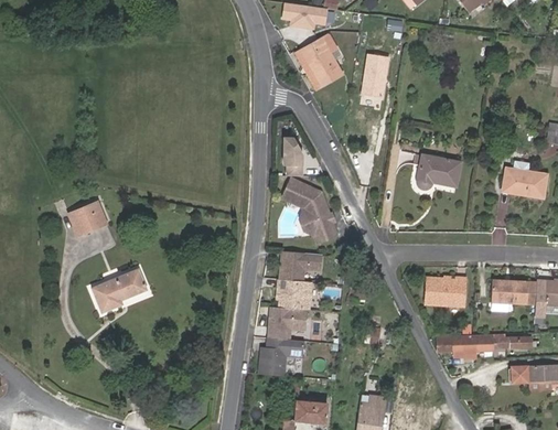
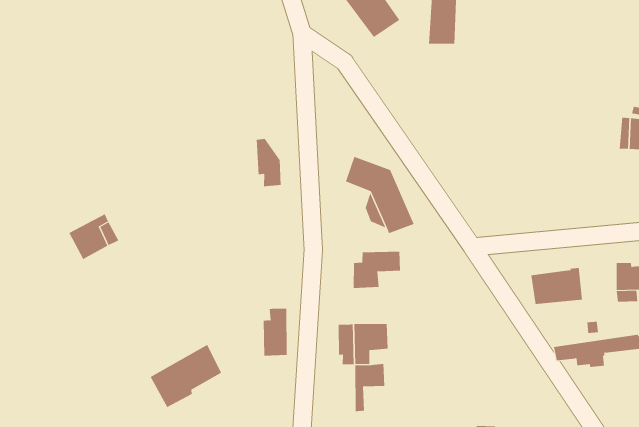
building: [286,137,304,174] -> [256,138,282,187]
building: [418,154,462,189] -> none
building: [92,267,148,313] -> [150,344,222,408]
building: [283,279,314,309] -> none
building: [259,337,281,375] -> [263,308,288,356]

